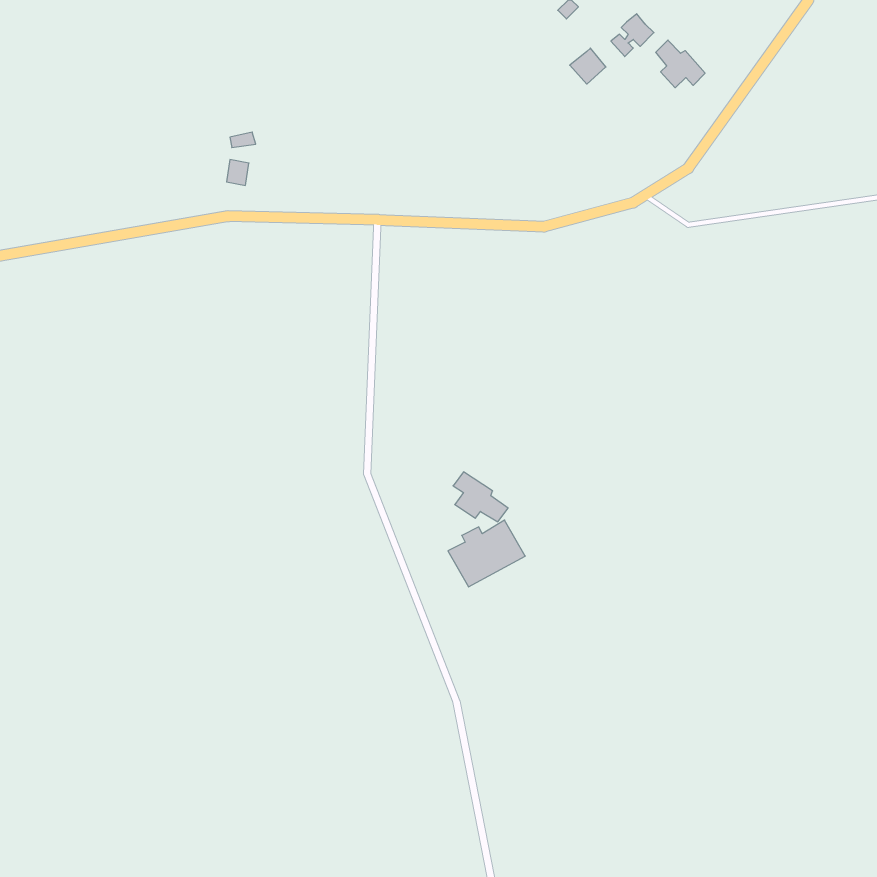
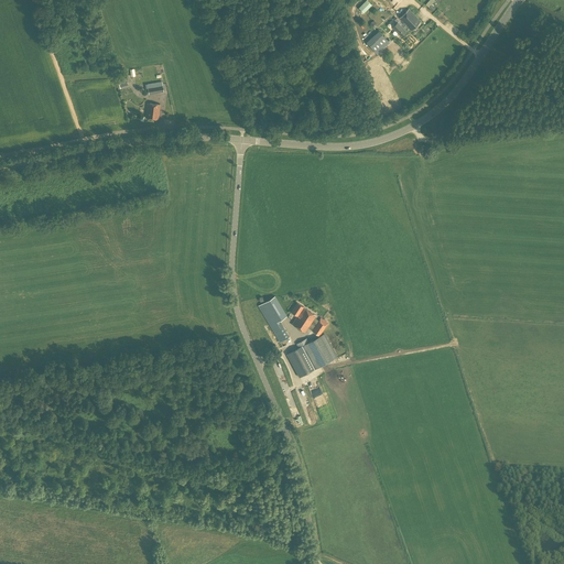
building: [656,40,705,88] -> none
building: none -> [259,297,290,343]

